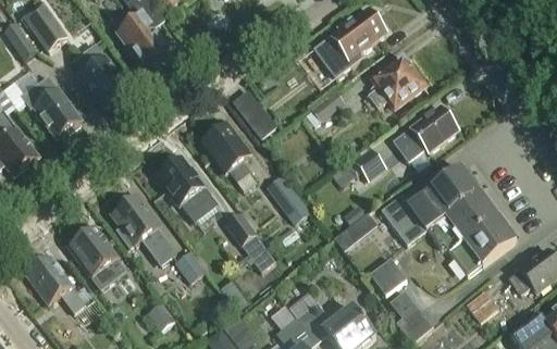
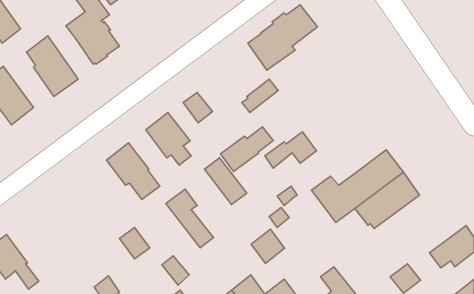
building: [369,55,426,109] -> none
building: [394,107,459,162] -> none
building: none -> [220,127,273,172]
building: [112,195,175,264] -> none
building: [448,214,516,275] -> none
building: [71,226,125,287] -> none
building: [370,257,406,294] -> [251,229,285,263]

